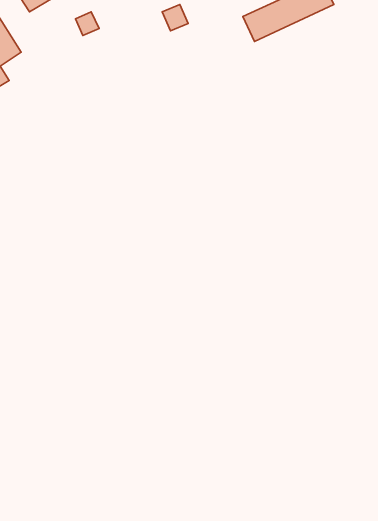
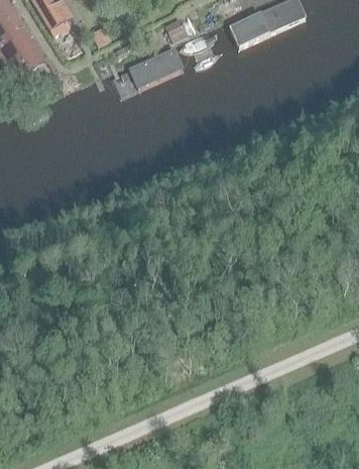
building: none -> [129,46,184,86]

